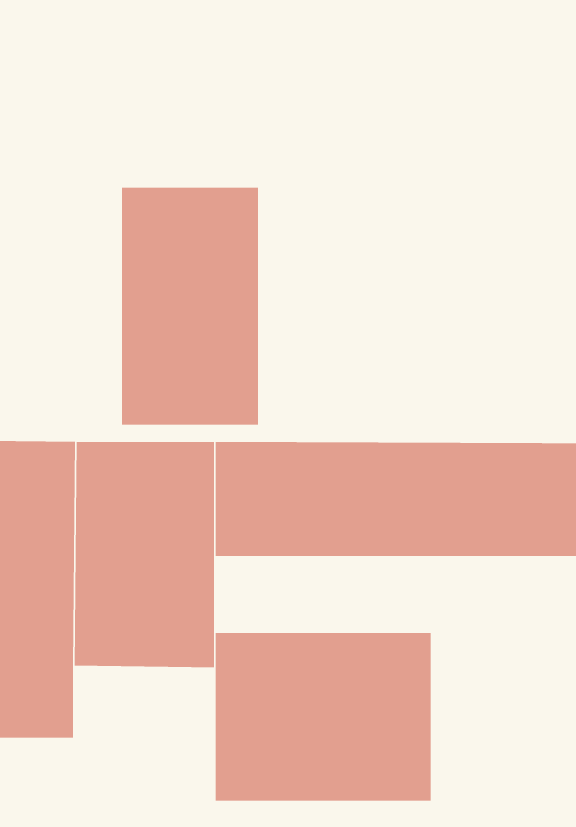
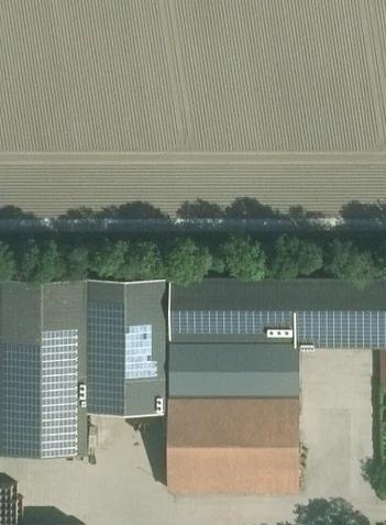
building: [122,187,258,425] -> none
building: none -> [168,348,297,393]

